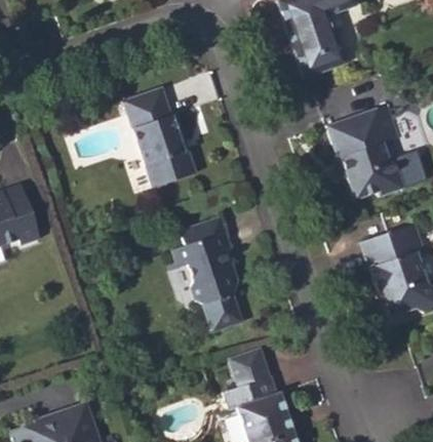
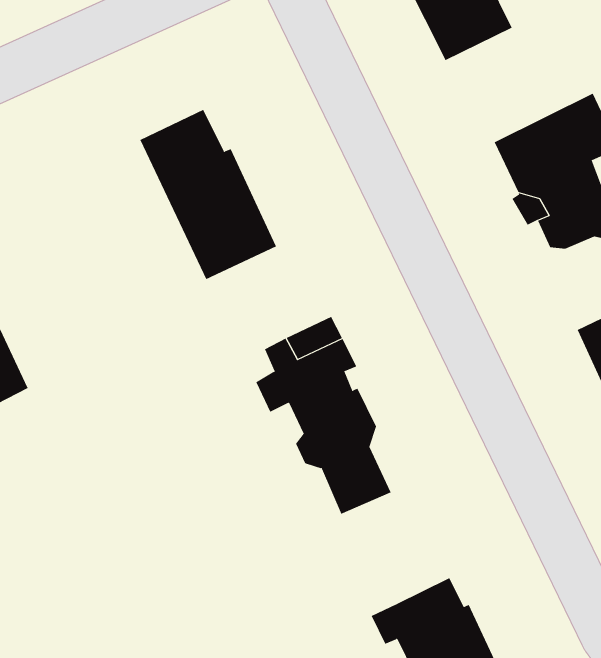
building: [229,347,270,387] -> none

